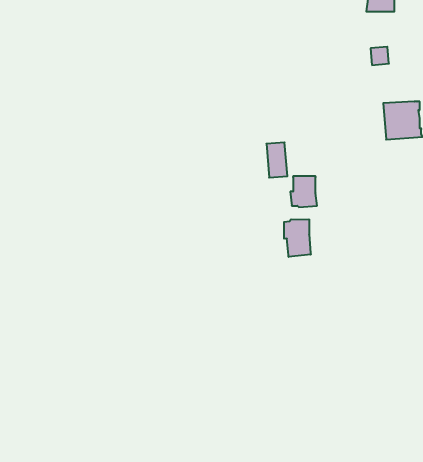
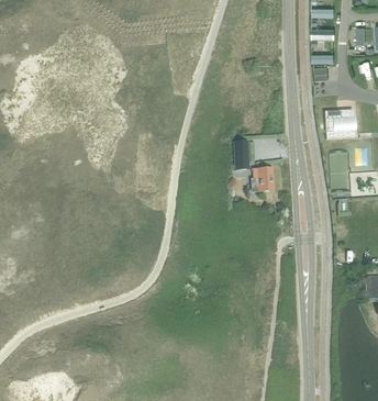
building: [284,219,311,257] -> none

